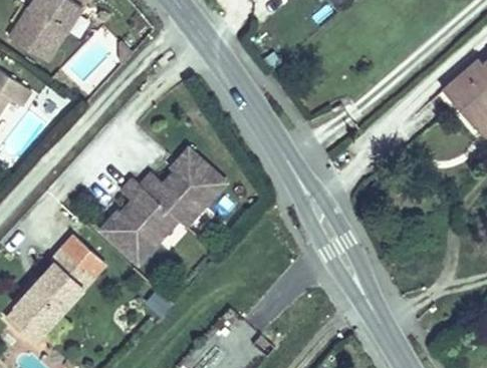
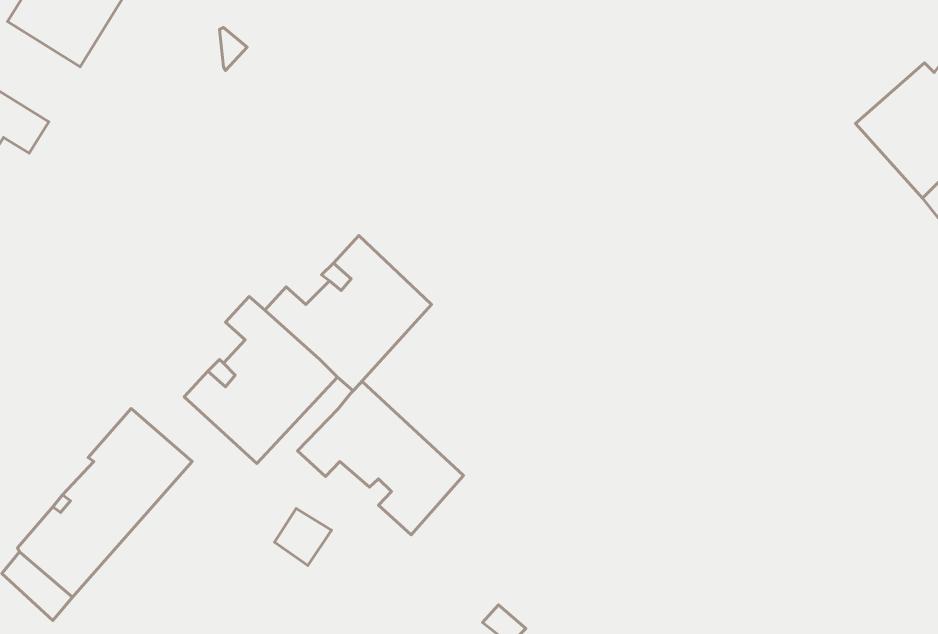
building: none -> [298,382,463,535]

